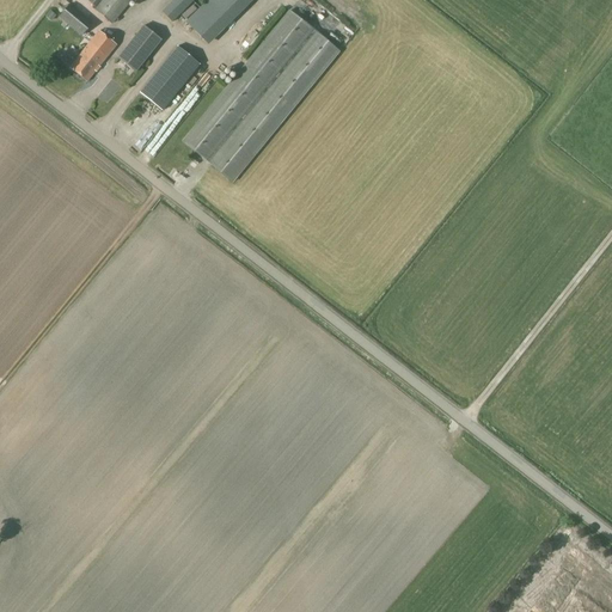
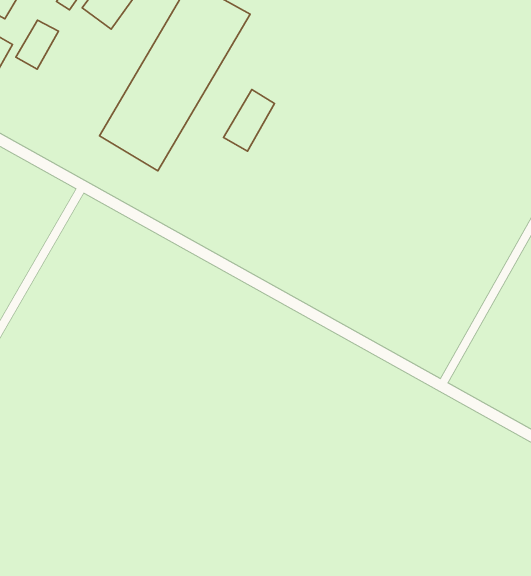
building: [140,44,201,109] -> none
building: none -> [224,89,274,151]

